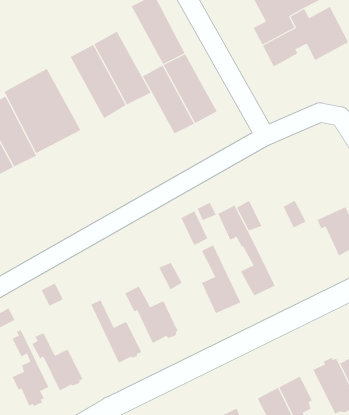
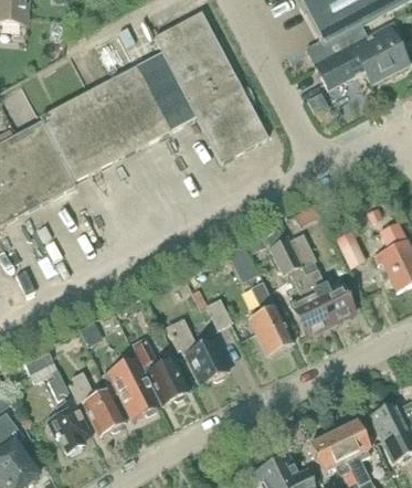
building: none -> [154,24,210,99]
building: none -> [86,78,147,157]
building: none -> [307,269,357,323]
building: none -> [102,358,159,420]

